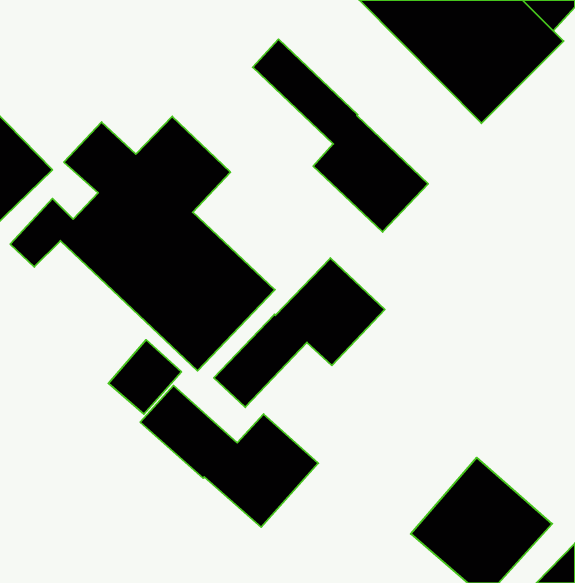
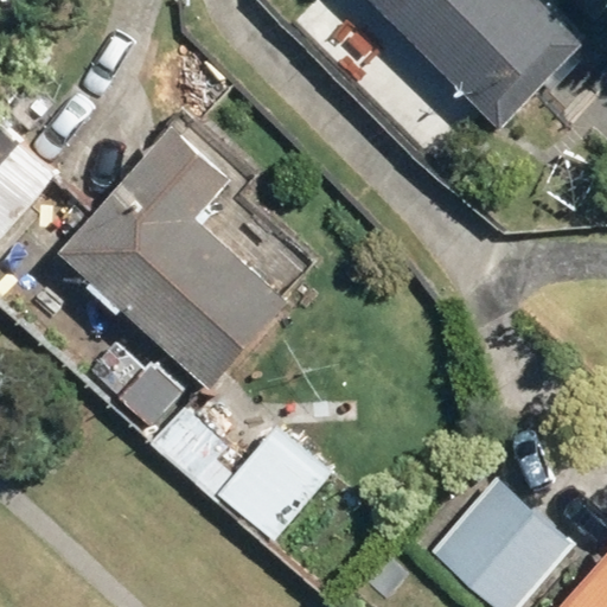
building: [253,39,428,232] -> none
building: [214,258,385,407] -> none

